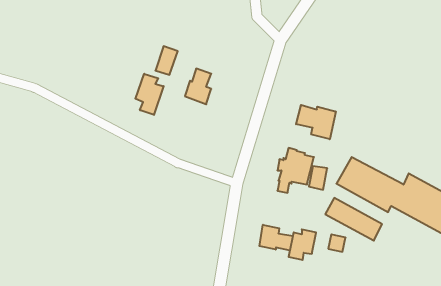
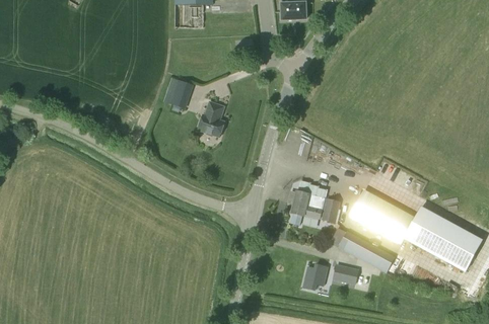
building: [135,74,164,115] -> none
building: [296,105,336,139] -> none
building: [259,225,293,251] -> none

